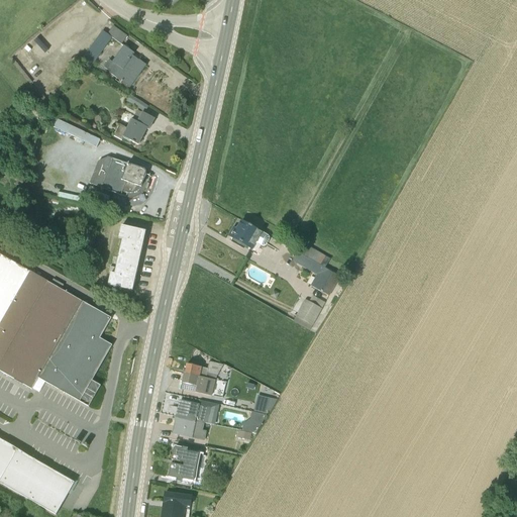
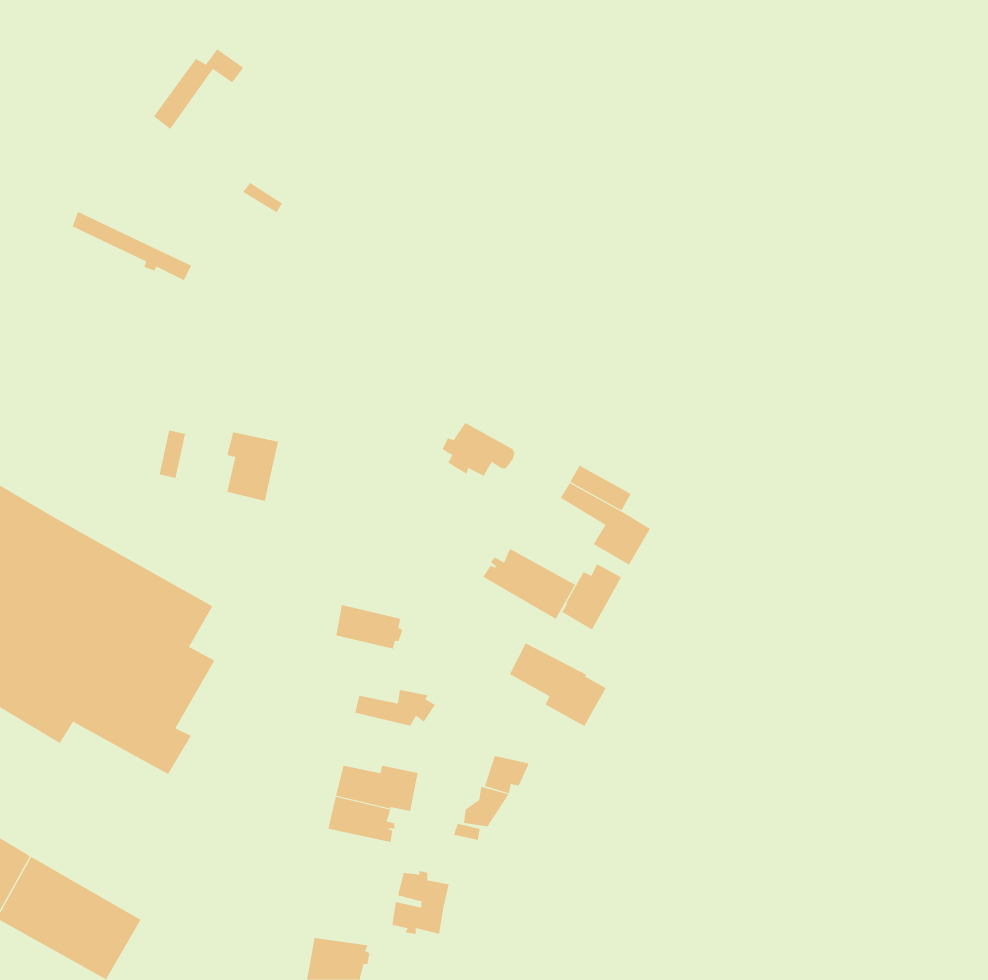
building: [103,45,146,89] -> none
building: [113,109,154,144] -> none
building: [89,156,149,197] -> none
building: [108,256,138,290] -> none
building: none -> [483,548,576,620]
building: none -> [509,642,607,727]
building: [181,372,216,395] -> [335,605,403,649]
building: [168,445,198,479] -> [391,870,450,934]

